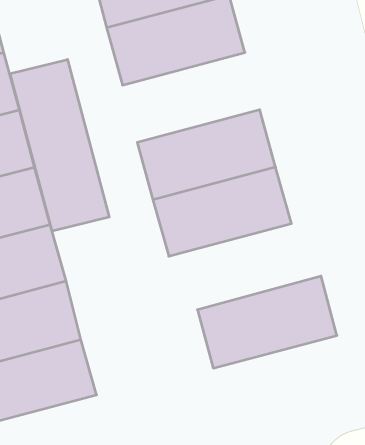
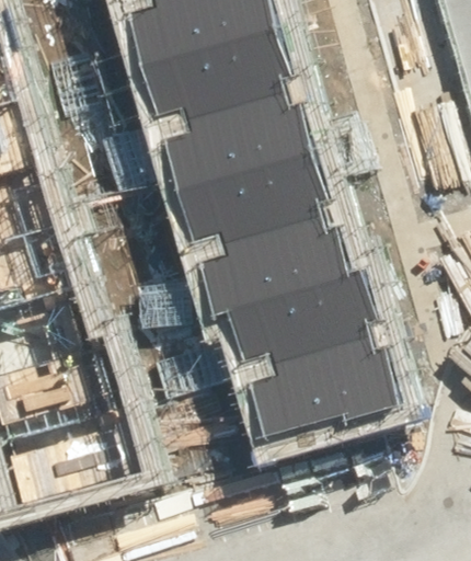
building: none -> [162,95,314,195]
building: [10,59,109,231] -> none
building: none -> [230,280,382,380]

